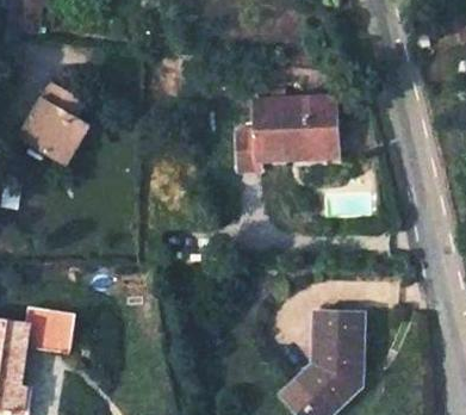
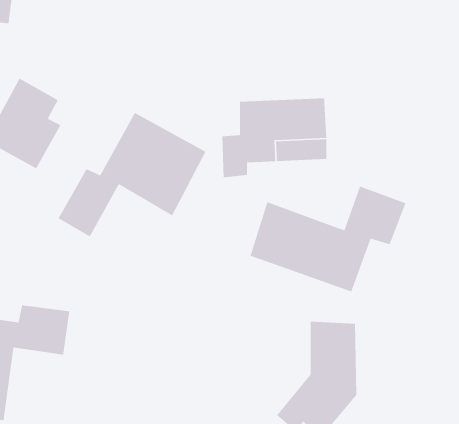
building: none -> [57,112,207,237]
building: none -> [249,186,407,292]

